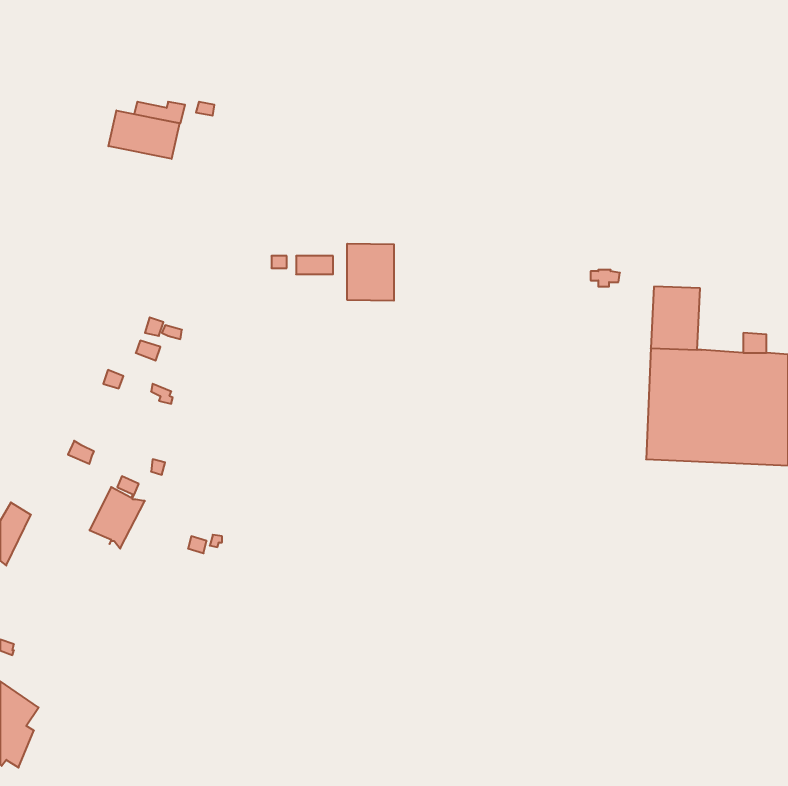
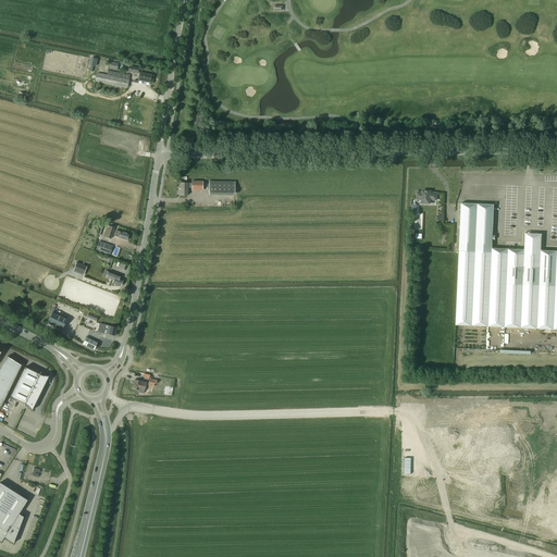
building: [108,110,180,159] -> none
building: [347,244,394,301] -> none
building: [89,487,145,549] -> [10,366,49,409]

